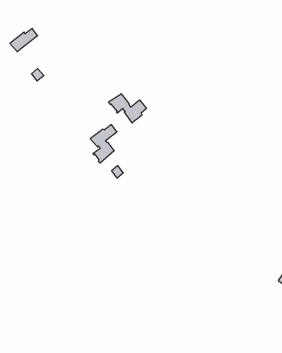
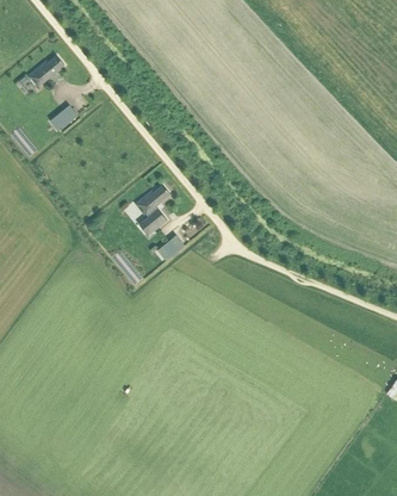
building: [109,94,146,123] -> none

